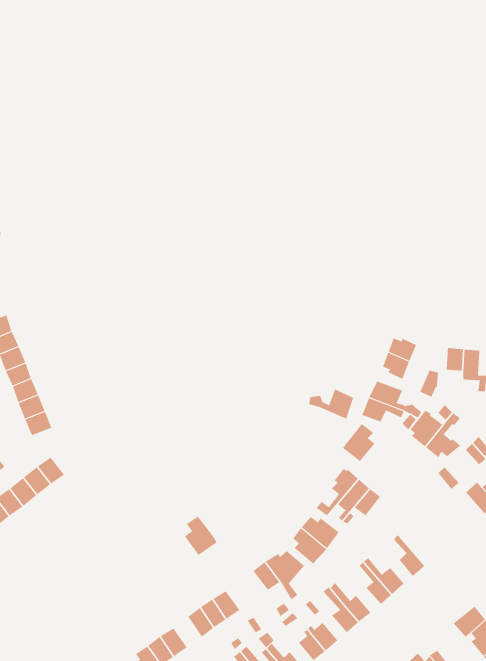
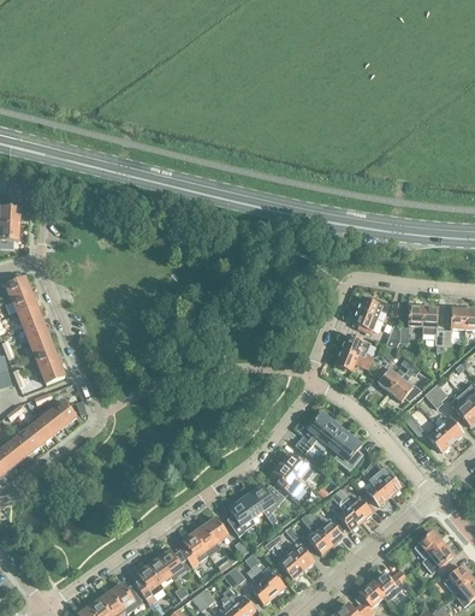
building: [308,389,354,419] -> none
building: [342,423,375,462] -> [334,436,363,469]
building: [184,516,217,556] -> [227,500,256,535]
building: none -> [366,458,400,496]

